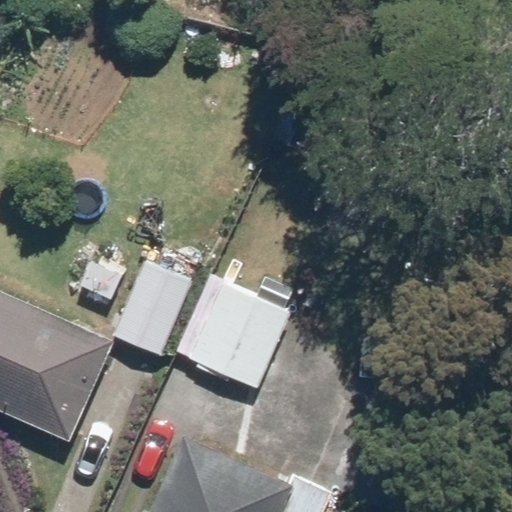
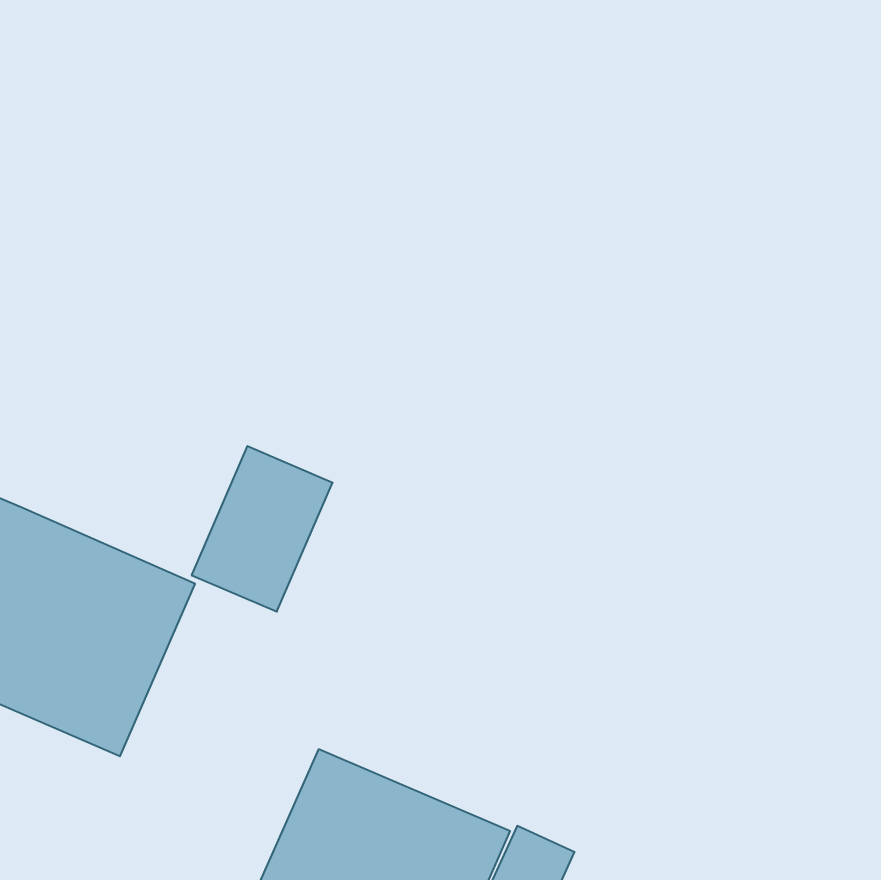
building: [184,281,289,390] -> none

